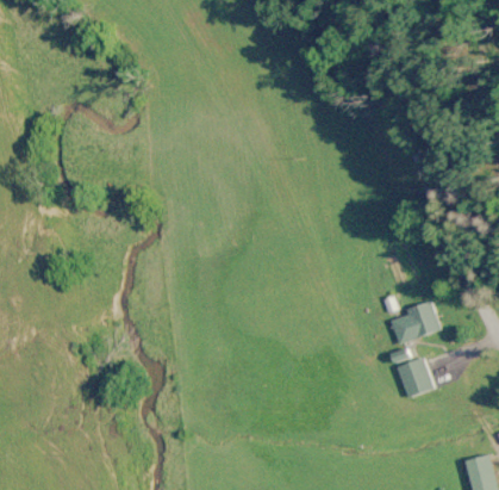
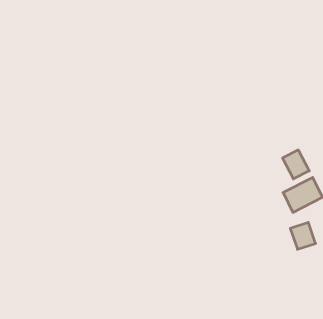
building: none -> [283,150,309,179]

